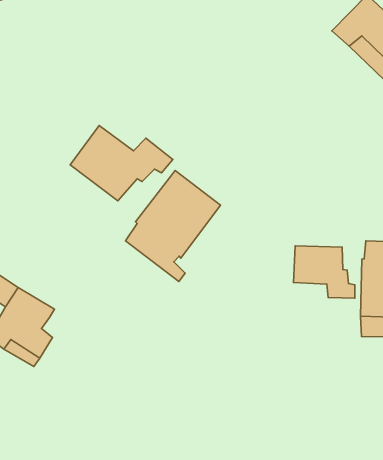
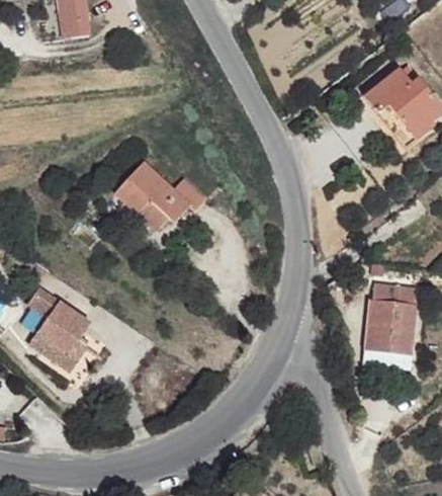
building: [125,171,221,281] -> none
building: [294,246,355,298] -> none

